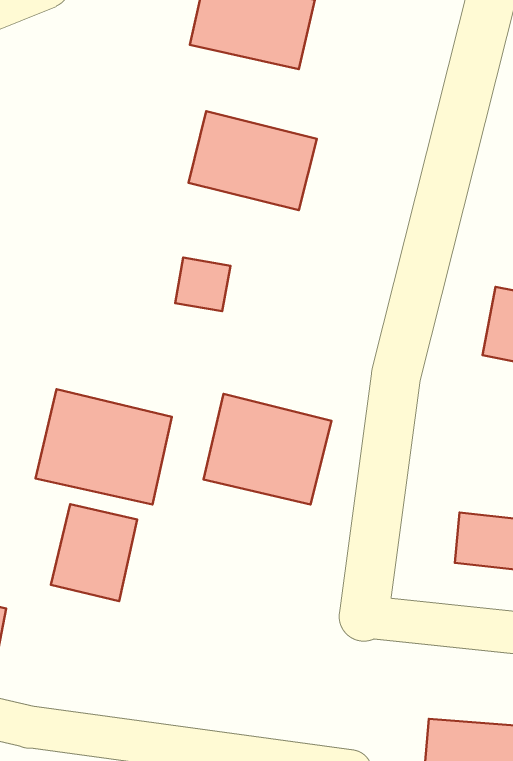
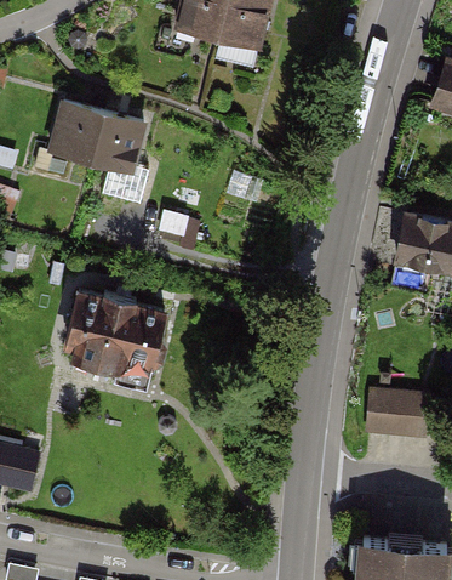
building: [188,111,317,210] -> [48,104,144,178]
building: [203,394,332,504] -> none
building: [51,504,137,601] -> none

